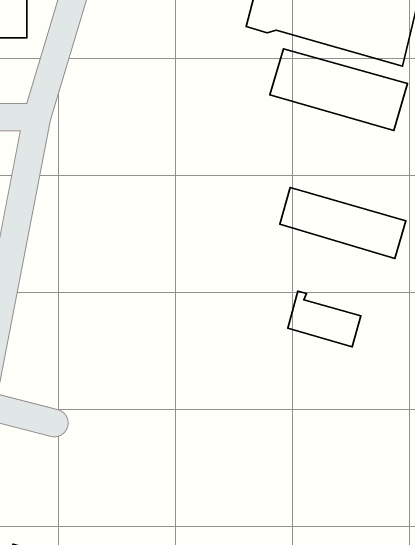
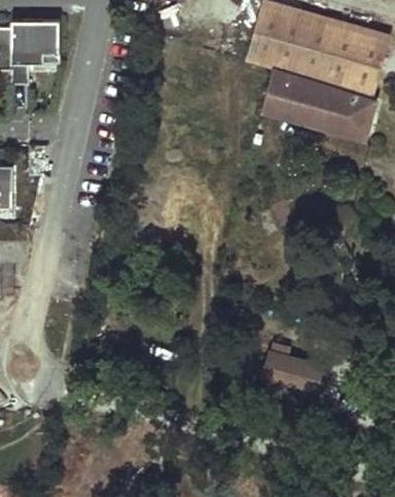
building: [280,187,406,259] -> none
building: [288,291,361,347] -> [261,349,322,395]

